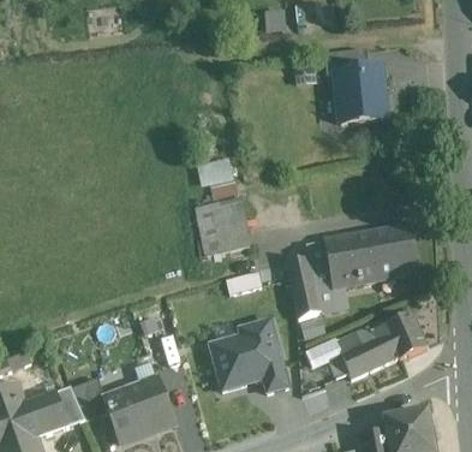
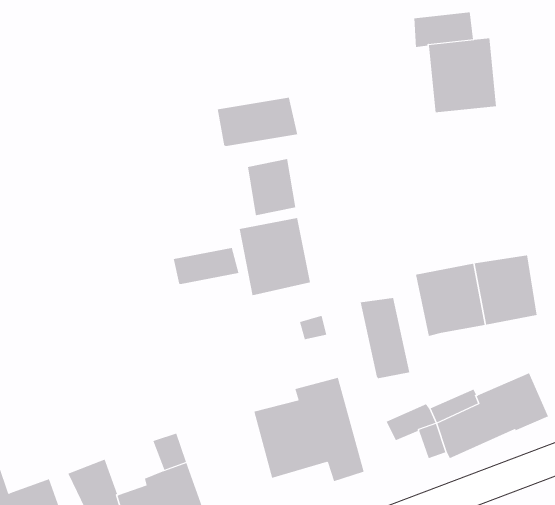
building: none -> [217,97,298,147]
building: none -> [173,247,239,285]
building: [307,240,349,313] -> none

